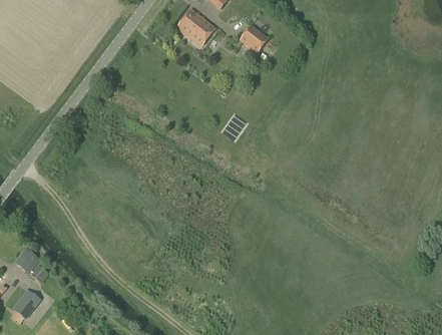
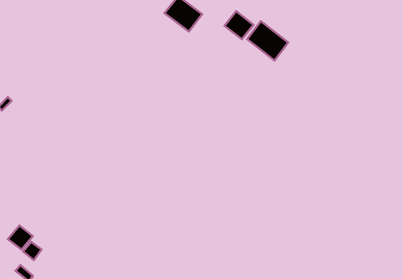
building: none -> [247,21,288,60]

